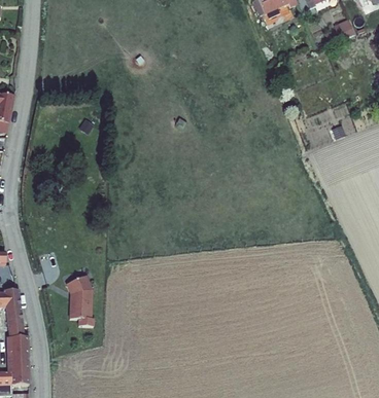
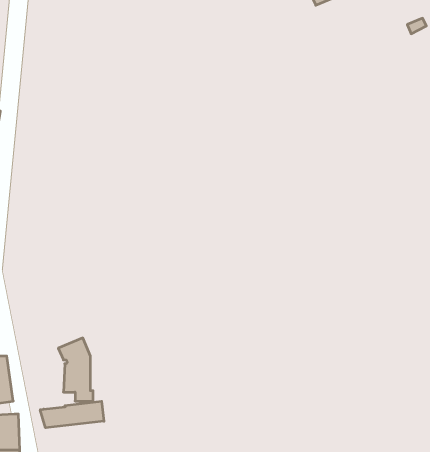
building: none -> [40,401,104,428]

